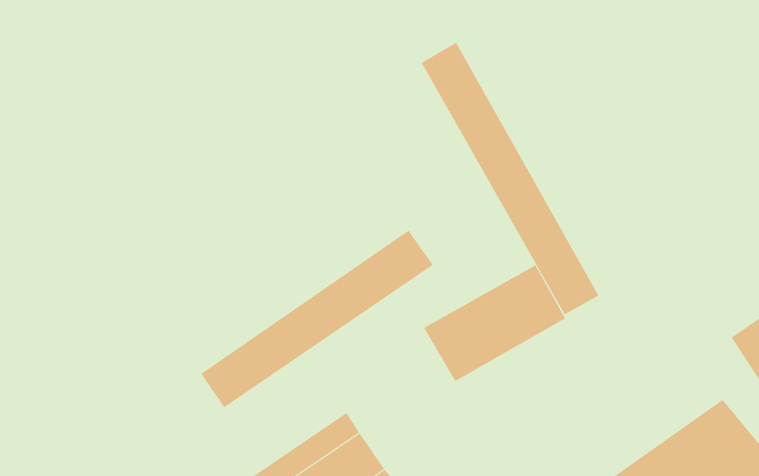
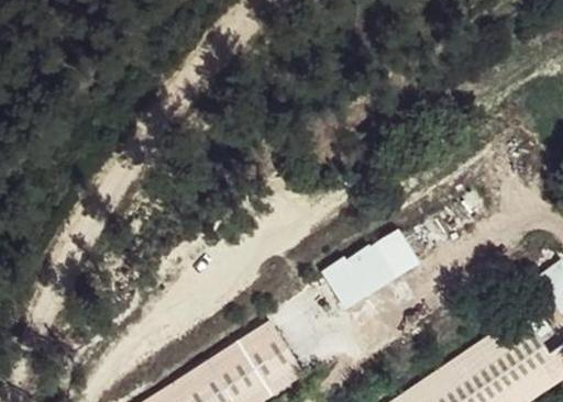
building: [421,42,599,315] -> none
building: [201,230,434,408] -> none

